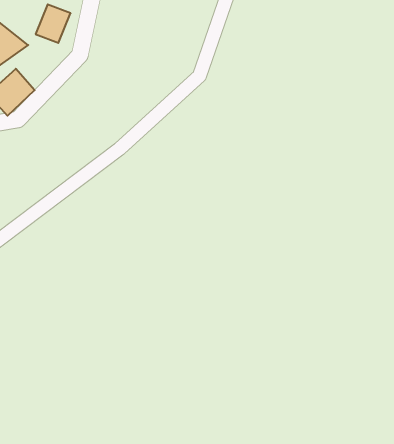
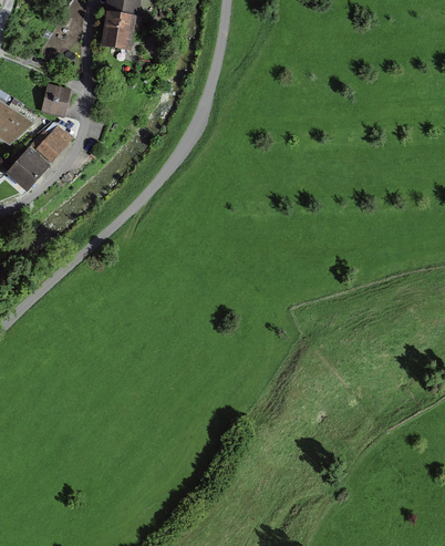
building: none -> [35,127,72,163]

